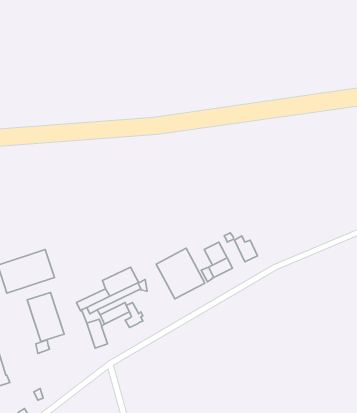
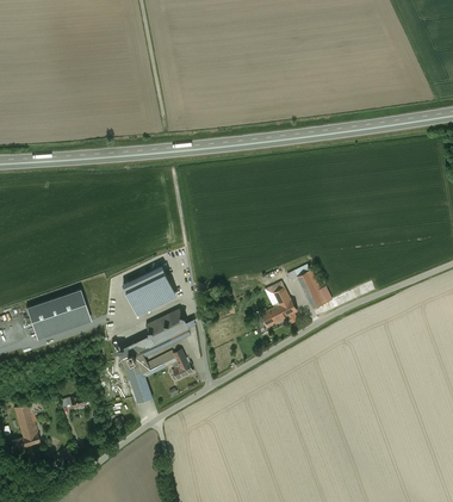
building: none -> [123,266,176,312]
building: [156,248,205,299] -> none
building: [27,292,64,342] -> none

